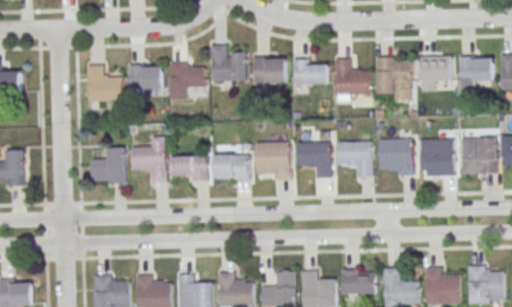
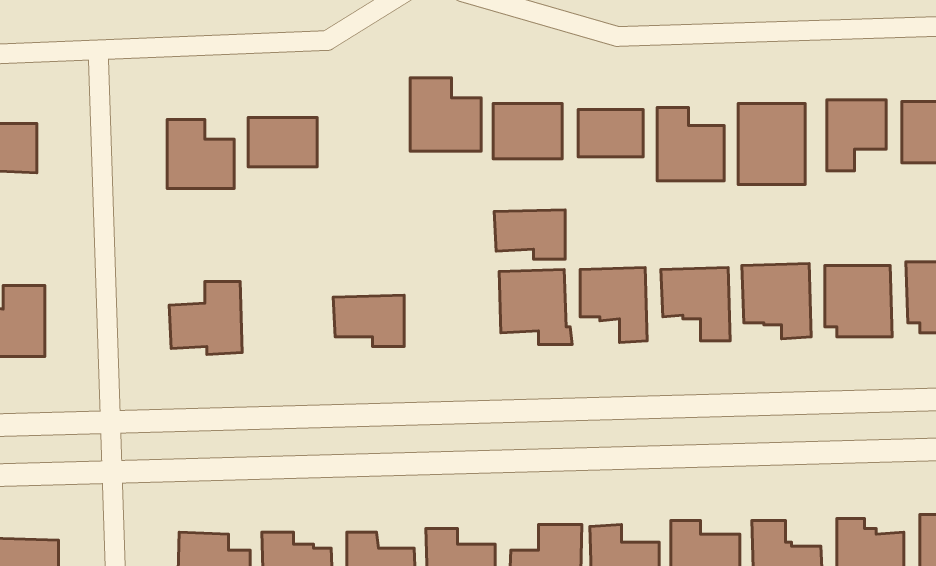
building: [169,62,202,99] -> none
building: [130,136,166,182] -> none
building: [213,154,249,179] -> [494,210,565,259]

